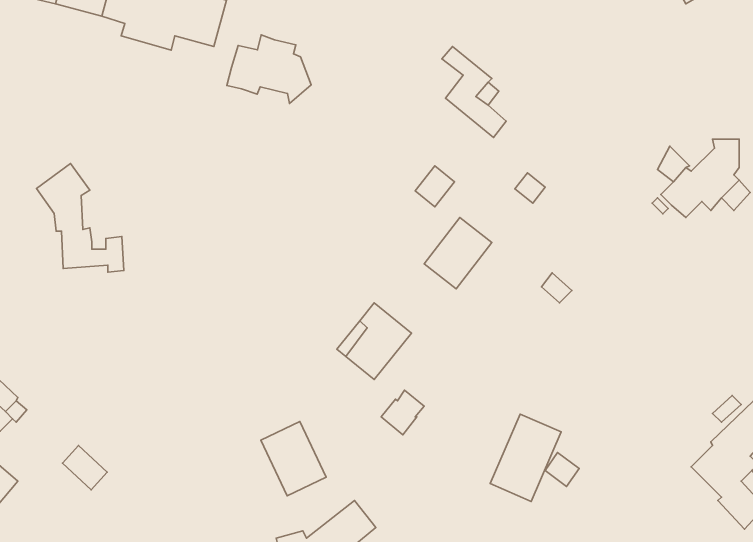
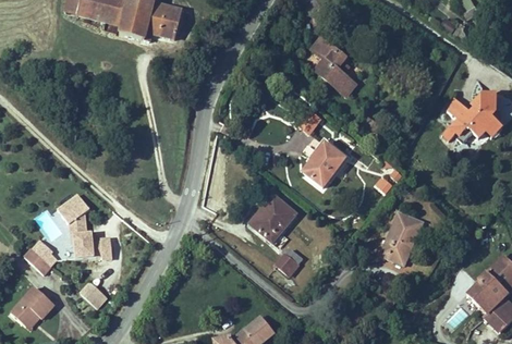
building: [227,35,311,103] -> none
building: [37,164,124,272] -> [60,191,113,257]
building: [490,414,561,501] -> [379,211,423,265]
building: [261,421,326,496] -> none

